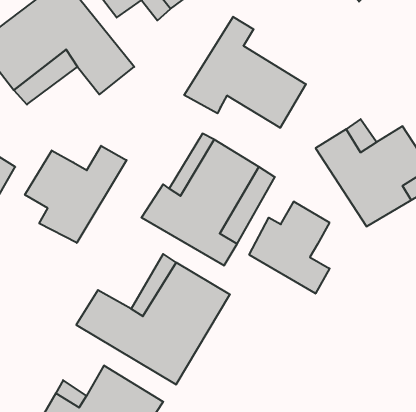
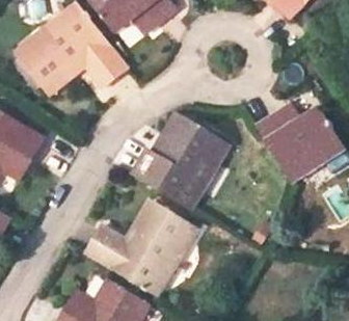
building: [184,17,306,128] -> none
building: [25,146,127,243] -> none
building: [249,201,330,294] -> none

